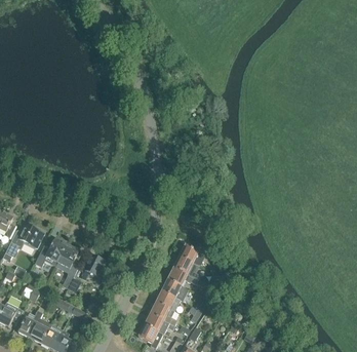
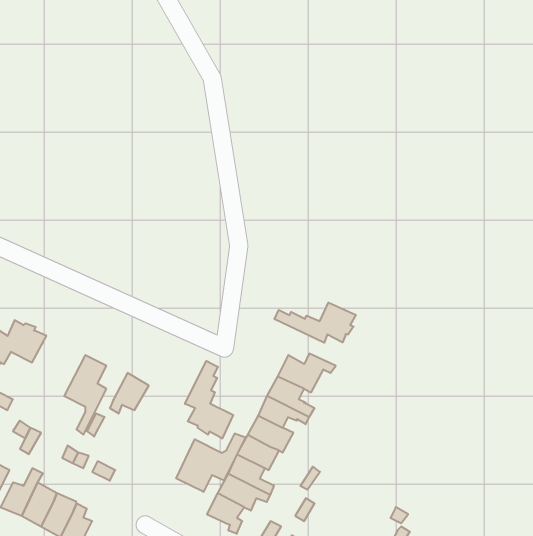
building: none -> [275,303,356,343]
building: [34,237,67,268] -> none
building: none -> [185,361,233,439]
building: none -> [176,433,245,492]

